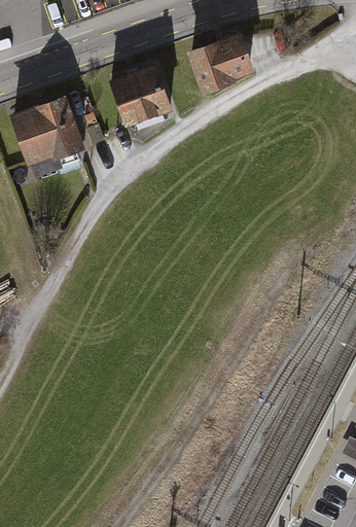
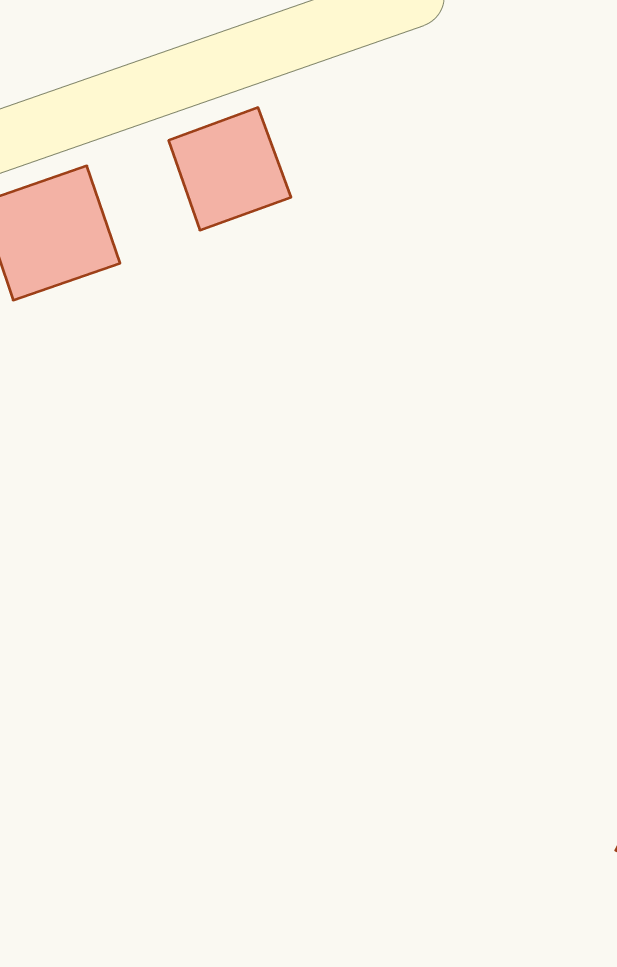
building: [188,31,258,96] -> none

